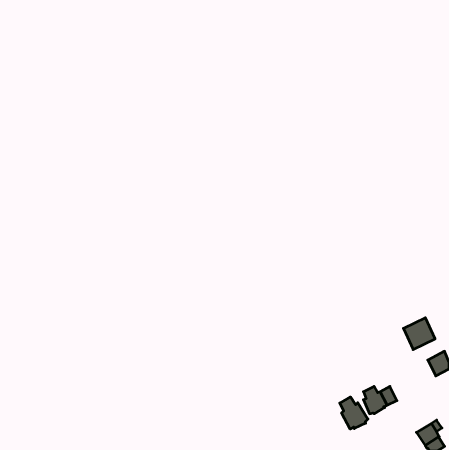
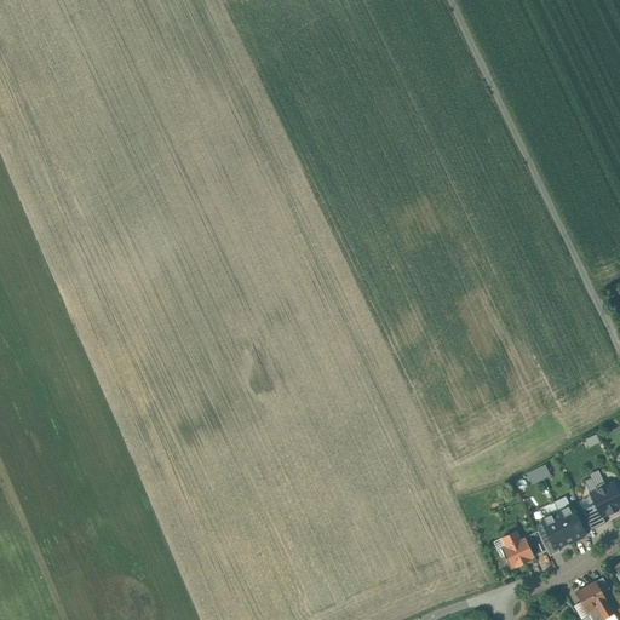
building: [403,318,435,350] -> [539,506,582,550]
building: [340,397,368,429] -> none

